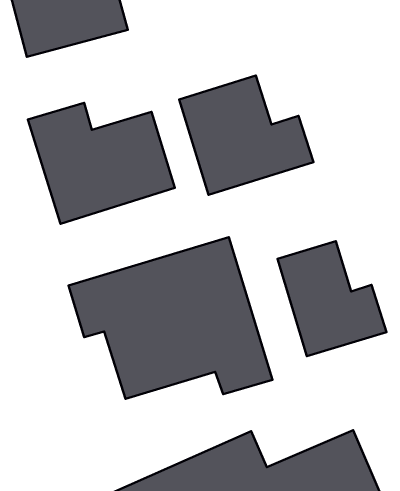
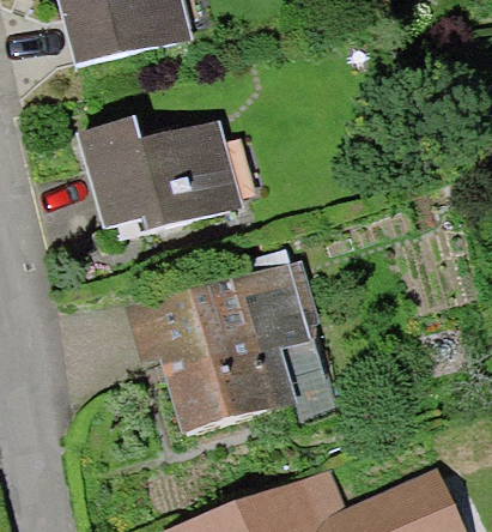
building: [179,75,313,195] -> none
building: [278,241,386,356] -> none

